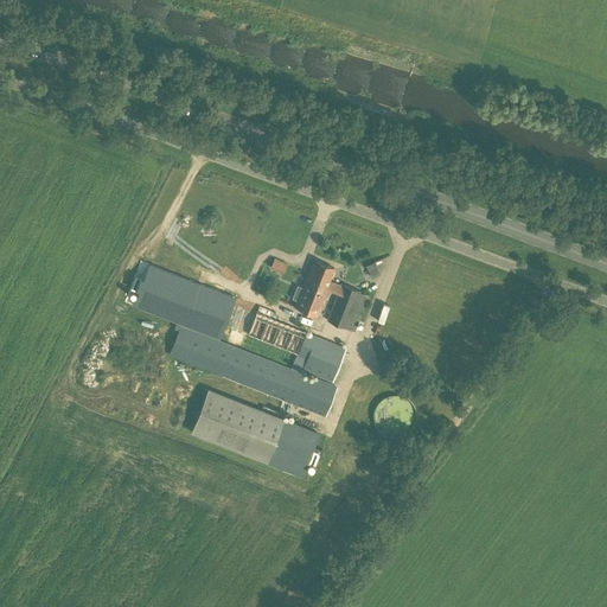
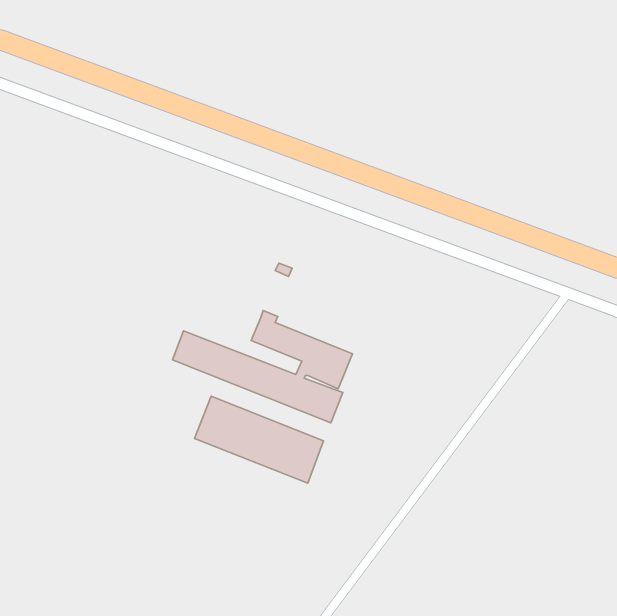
building: [293,262,369,332] -> none
building: [134,266,235,339] -> none

